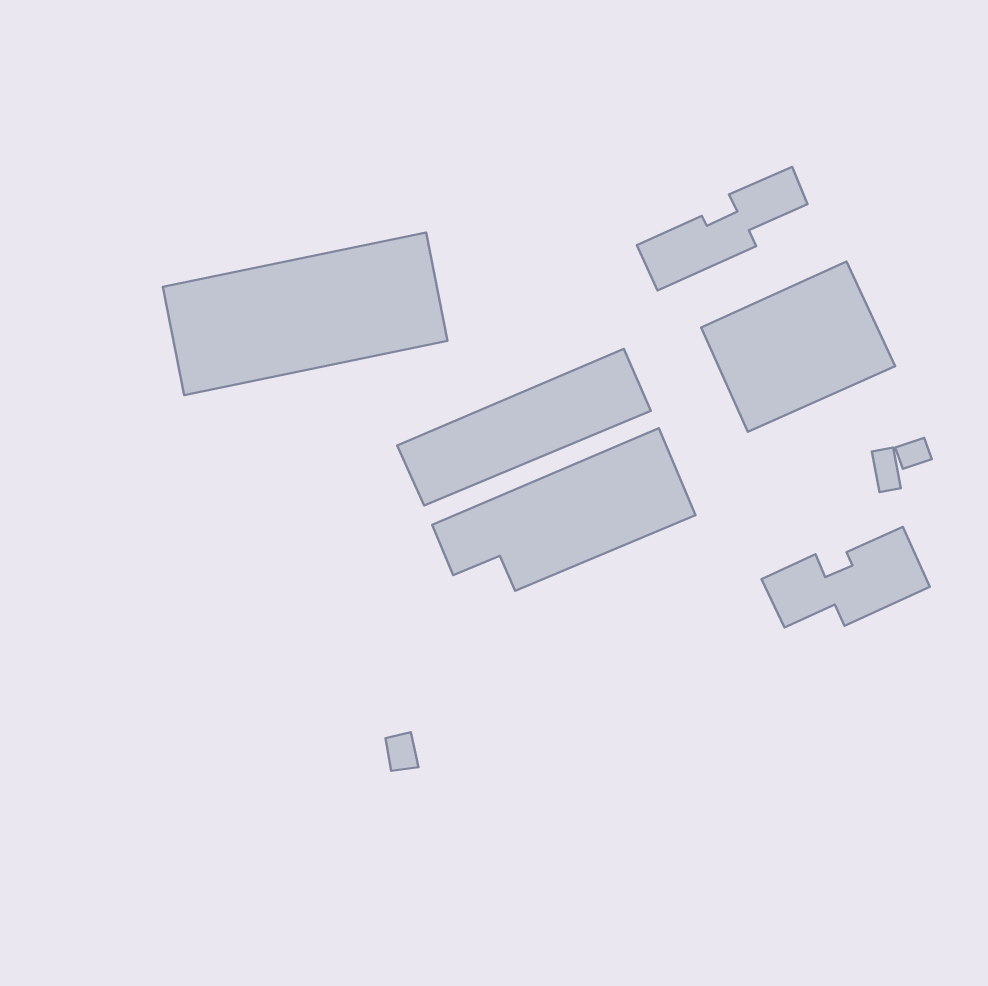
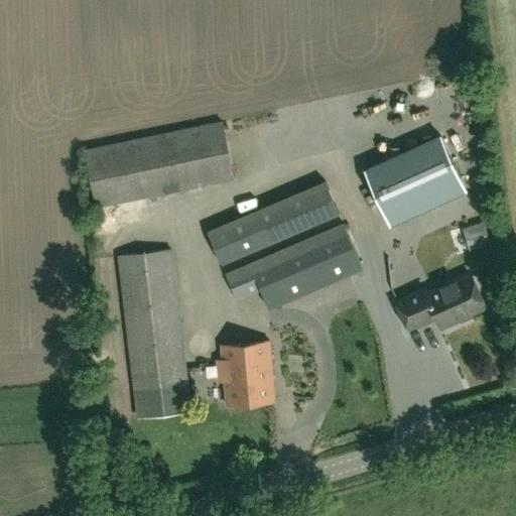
building: [637,167,808,290] -> none
building: none -> [119,251,189,419]
building: none -> [215,343,274,406]

